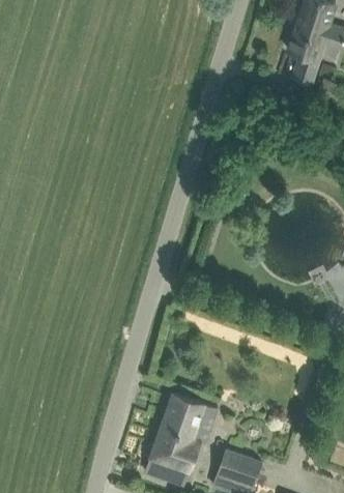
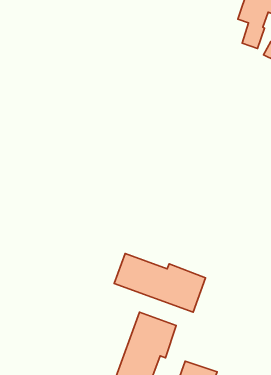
building: none -> [114,254,205,312]

